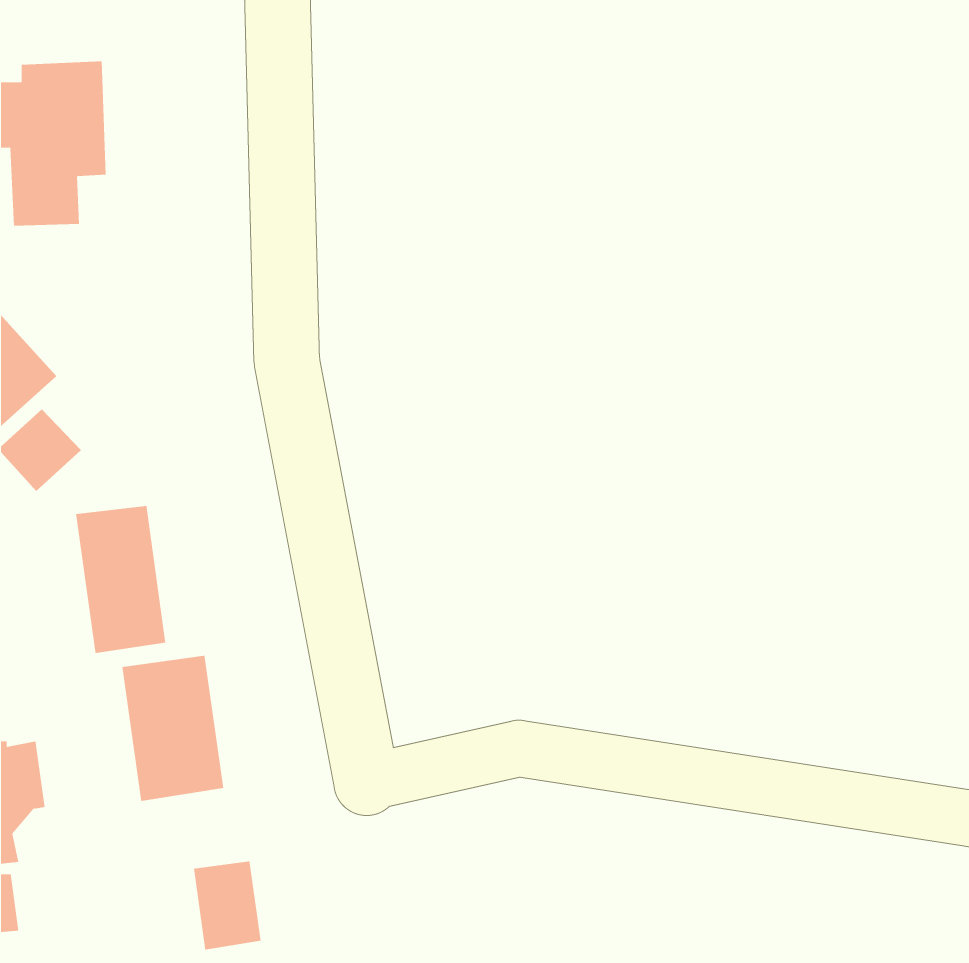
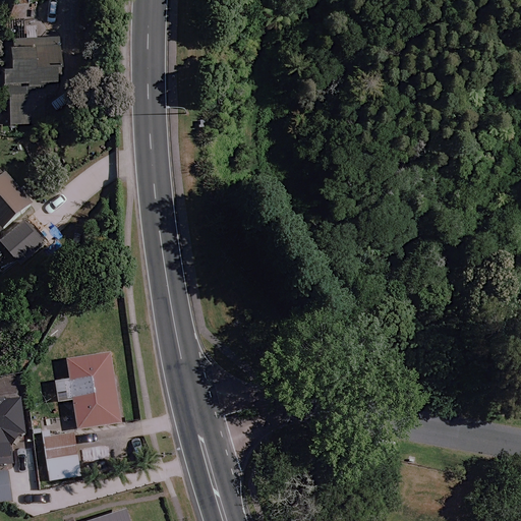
building: [76,505,166,654] -> none
building: [193,861,262,950] -> [44,431,80,479]

